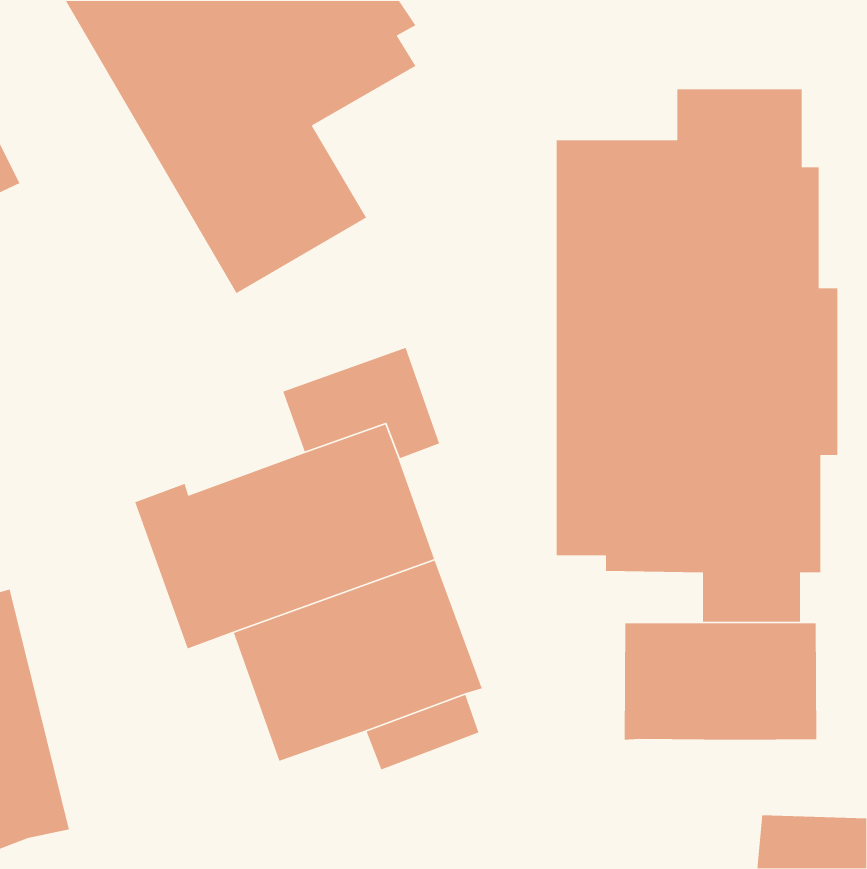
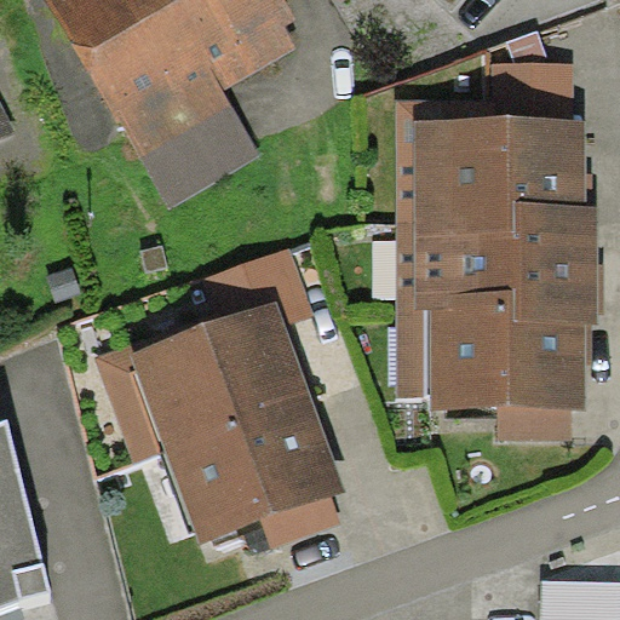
building: [624,622,817,740] -> none

